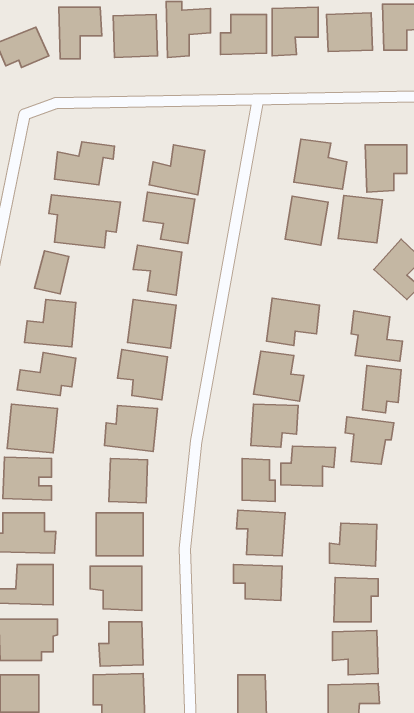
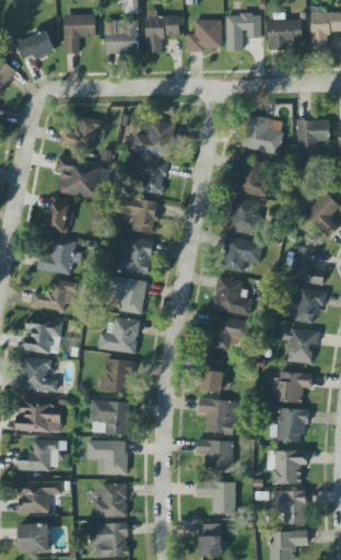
building: [338,195,382,243] -> [228,198,262,234]
building: [281,446,335,486] -> [271,372,313,402]
building: none -> [196,481,236,514]

